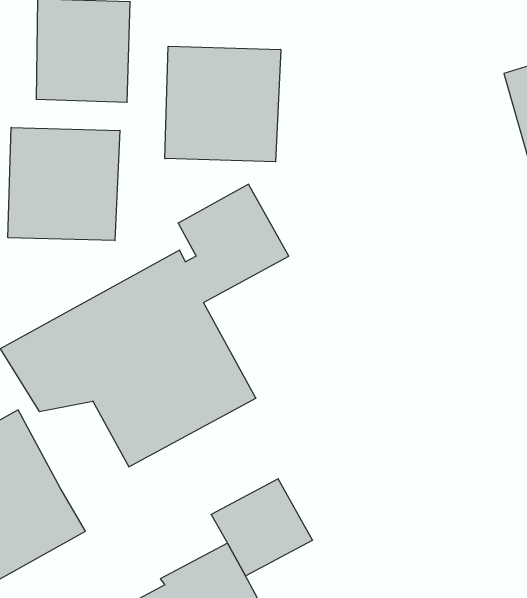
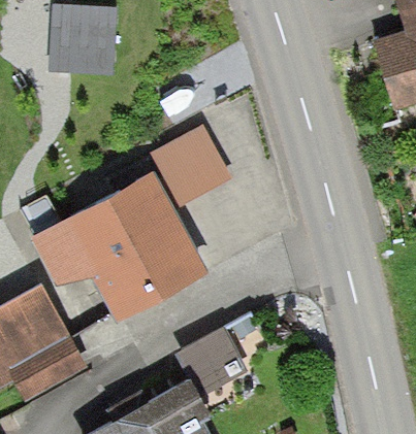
building: [165,46,281,162] -> none
building: [8,127,120,241] -> none

